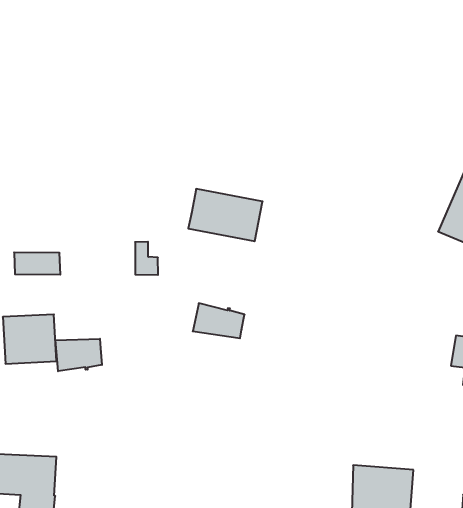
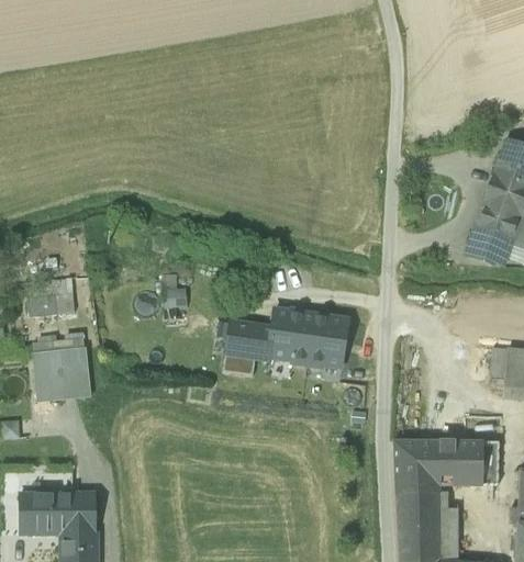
building: [188,189,263,241] -> [276,313,349,362]
building: [55,339,102,371] -> none
building: none -> [392,441,499,485]

